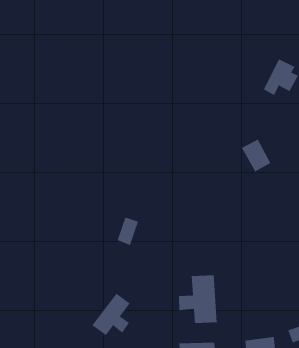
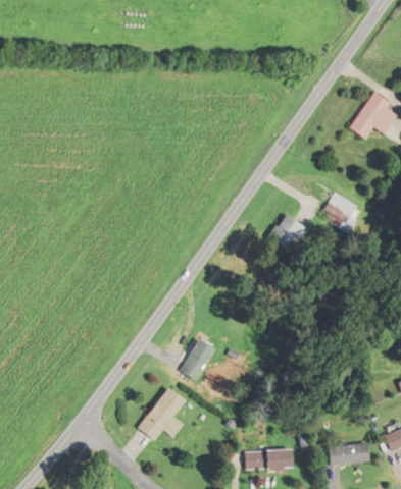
building: none -> [269,215,303,251]
building: [117,217,139,246] -> [185,340,212,377]
building: [179,274,217,324] -> none

